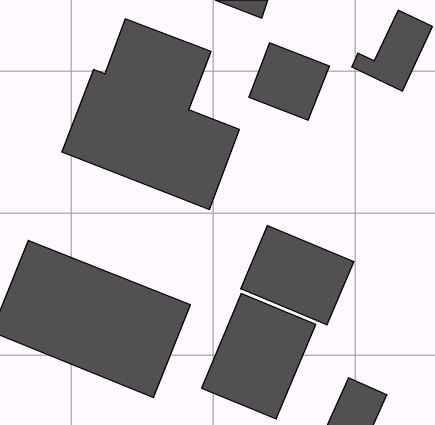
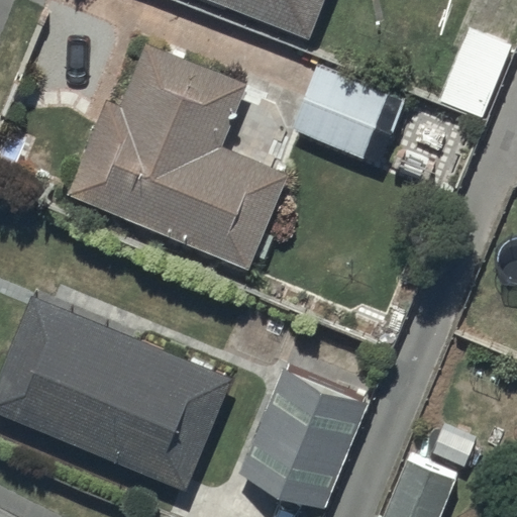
building: [241,225,354,325] -> none

